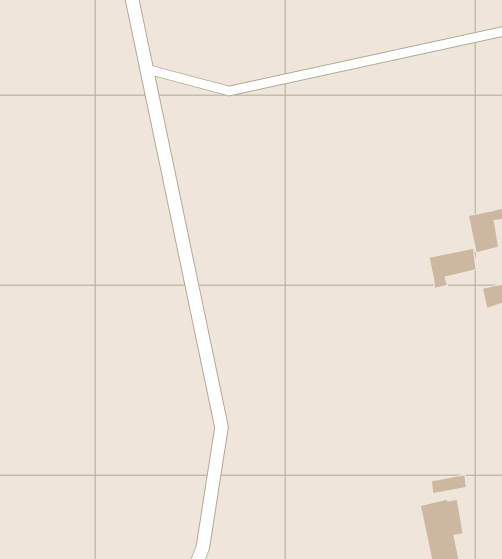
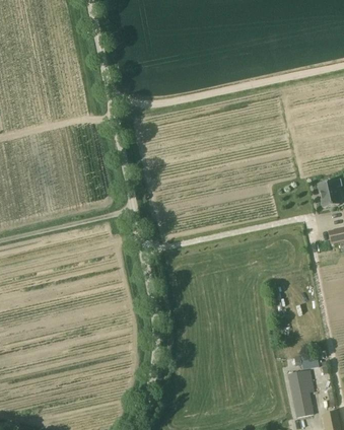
building: [429,248,476,289] -> none

